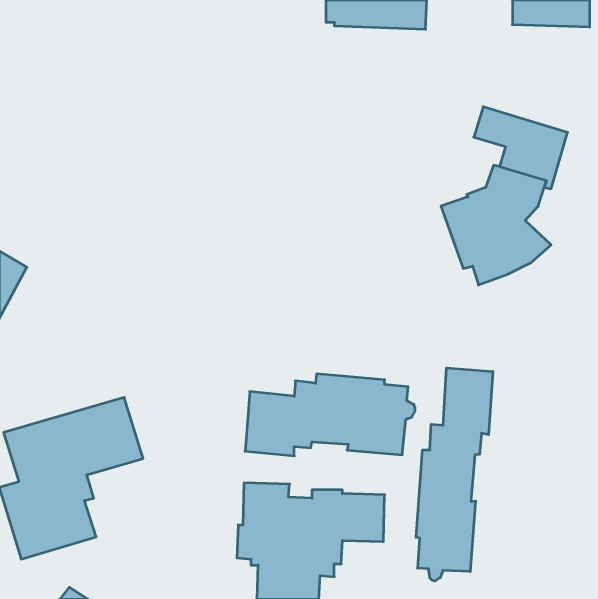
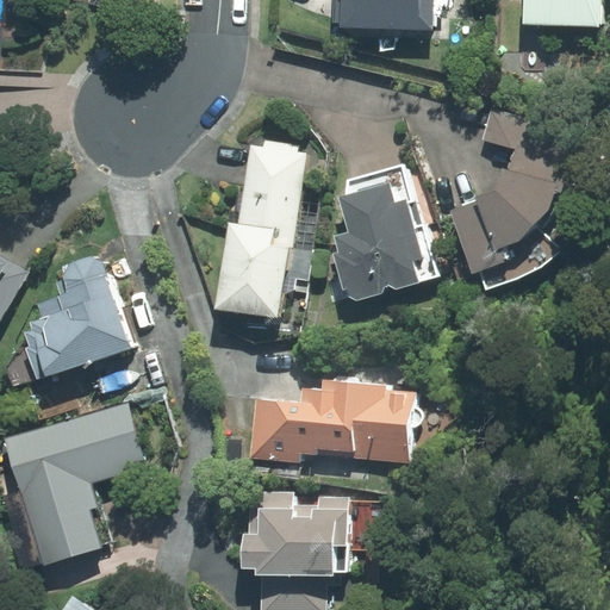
building: none -> [213,141,312,317]
building: none -> [331,163,438,300]
building: none -> [6,256,131,387]
building: [416,368,493,581] -> none

